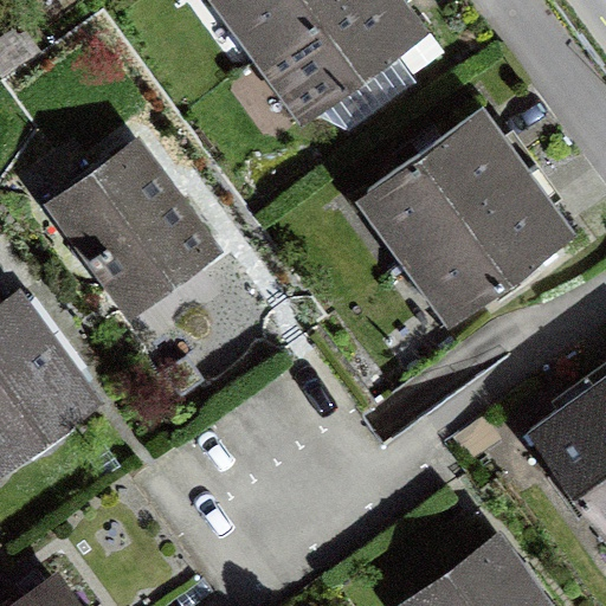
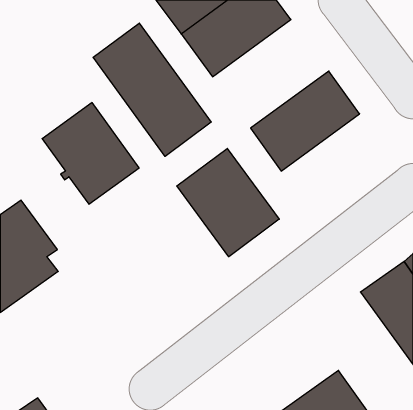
building: none -> [93,23,211,156]
building: [412,170,573,318] -> none
building: none -> [177,148,279,257]

